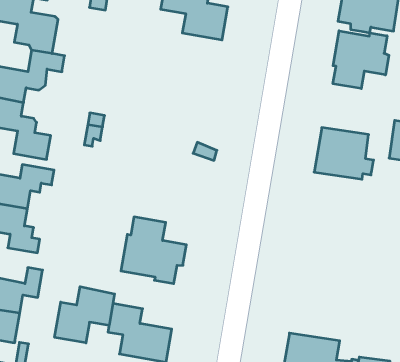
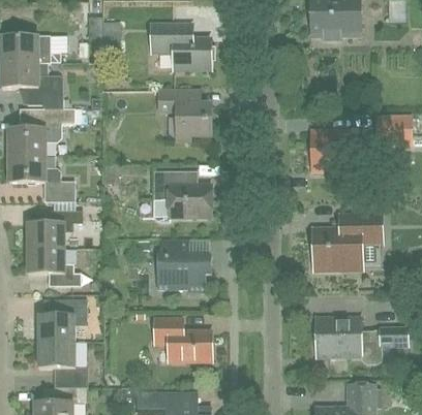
building: [333,31,389,89] -> none
building: none -> [158,90,210,140]
building: none -> [152,170,210,221]
building: none -> [312,214,382,269]
building: [55,287,115,343] -> none

